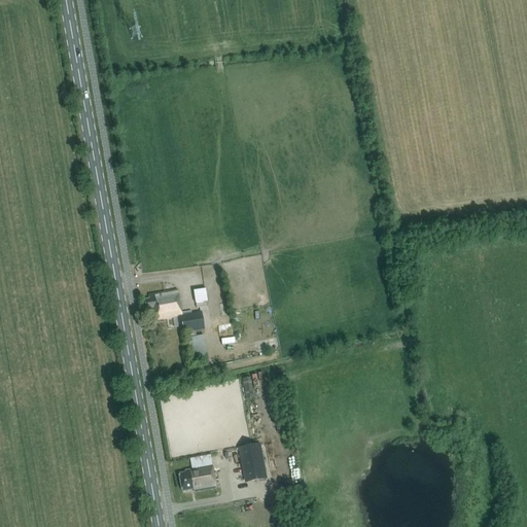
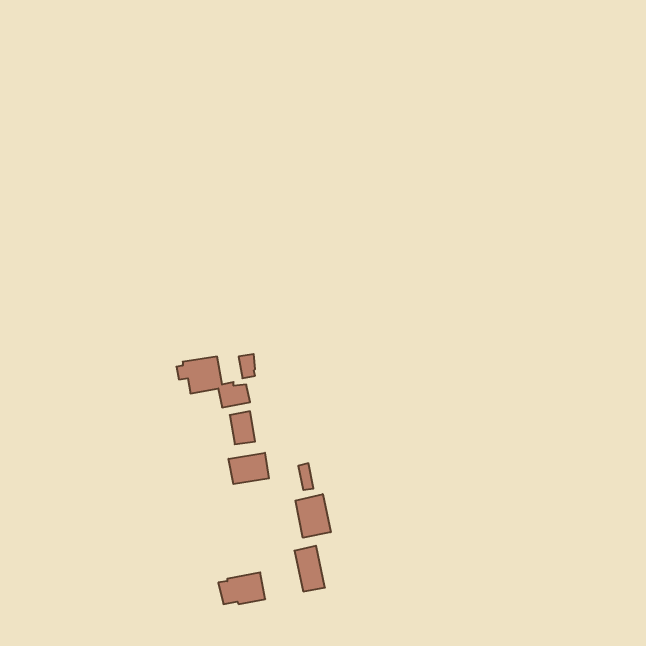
building: none -> [229,453,269,484]
building: none -> [295,494,331,538]

